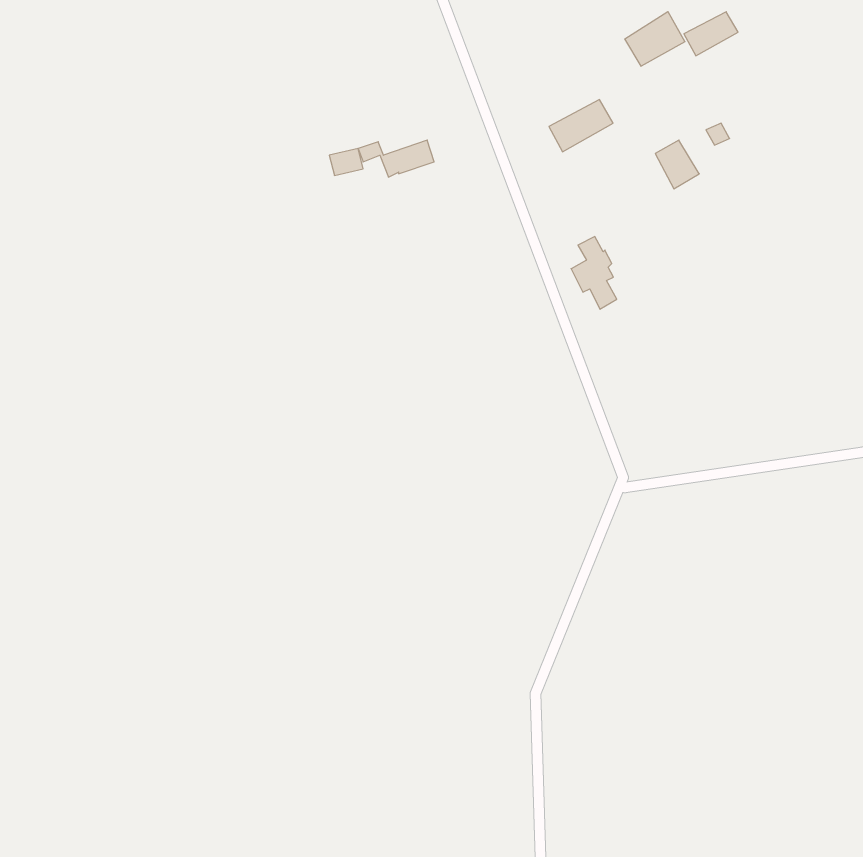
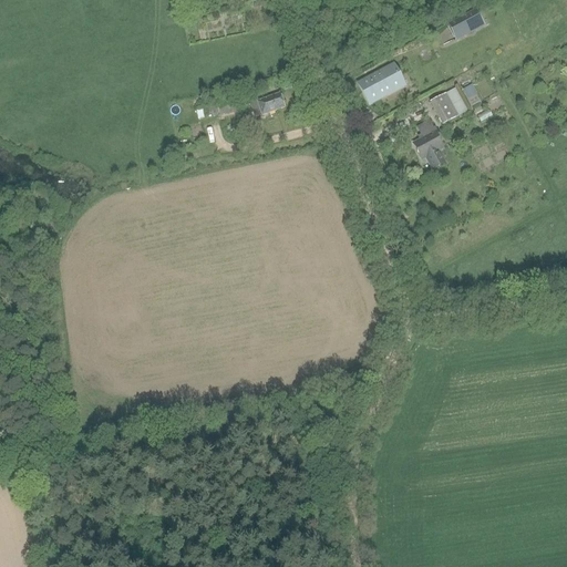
building: [625,12,685,66] -> none
building: [571,237,617,309] -> [414,120,444,167]

